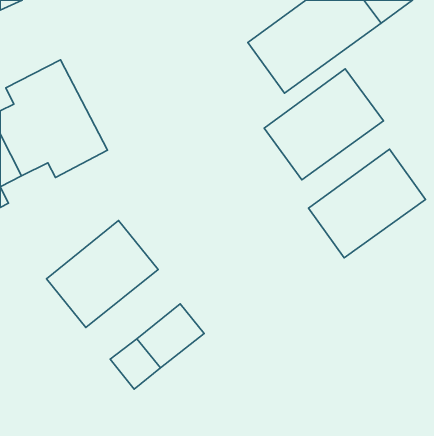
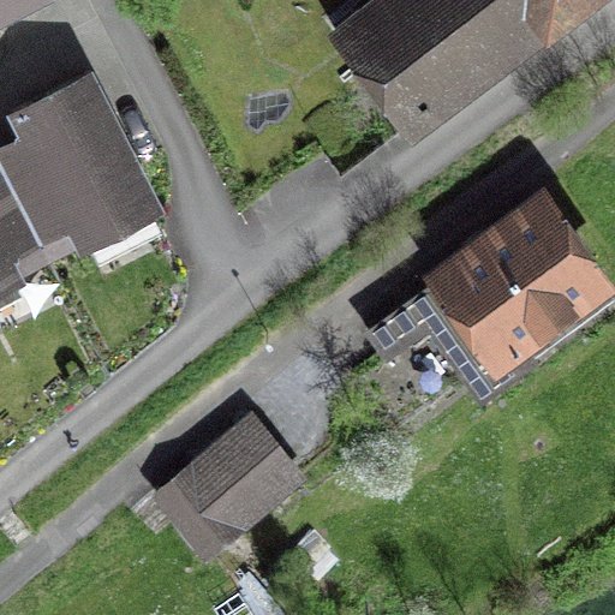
building: [264,69,383,180] -> none
building: [47,221,158,327] -> none

